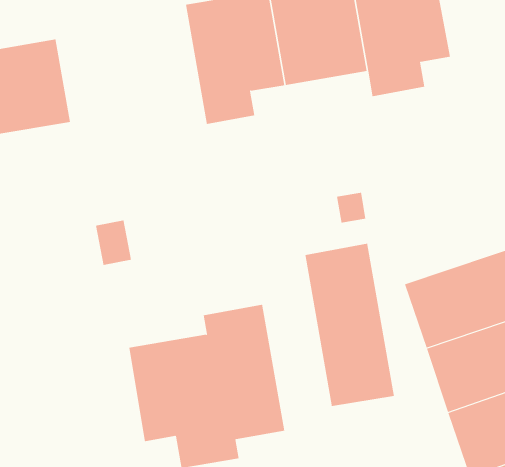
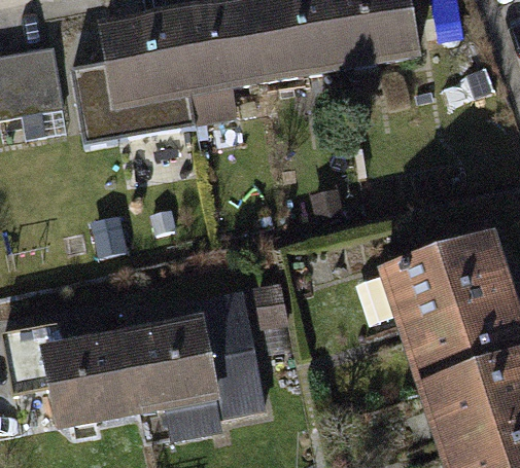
building: none -> [98,12,194,137]
building: [305,243,394,407] -> none
building: none -> [38,330,136,431]

